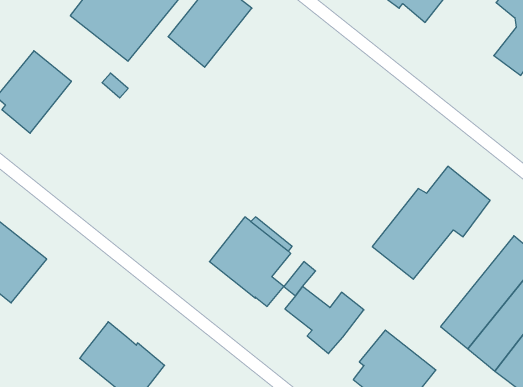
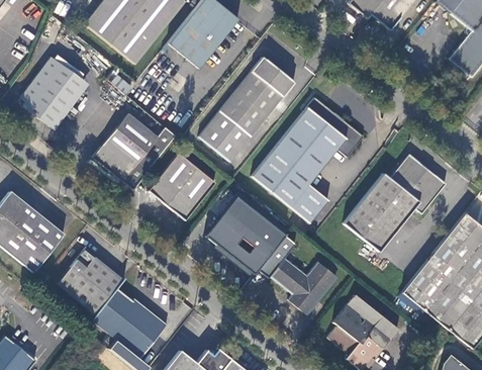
building: none -> [200,57,296,161]
building: none -> [253,98,365,223]
building: none -> [93,112,176,188]
building: none -> [149,150,215,216]
building: none -> [58,247,124,314]

